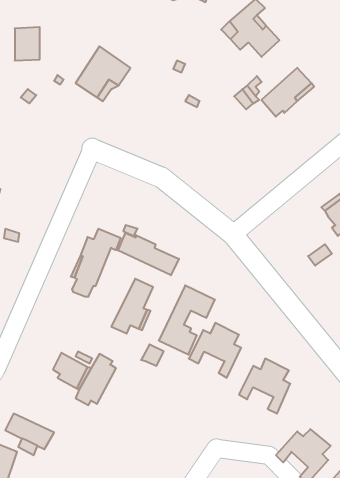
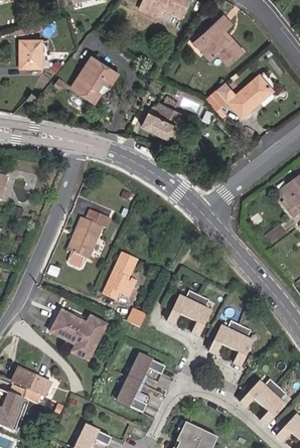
building: none -> [141,102,185,139]
building: [118,233,179,275] -> none
building: [159,285,215,355] -> [118,353,165,412]

